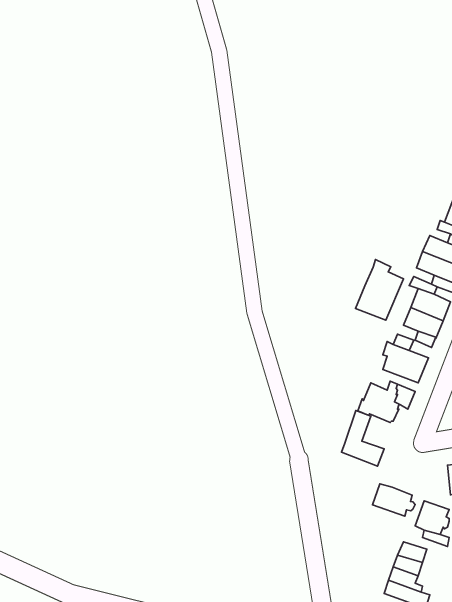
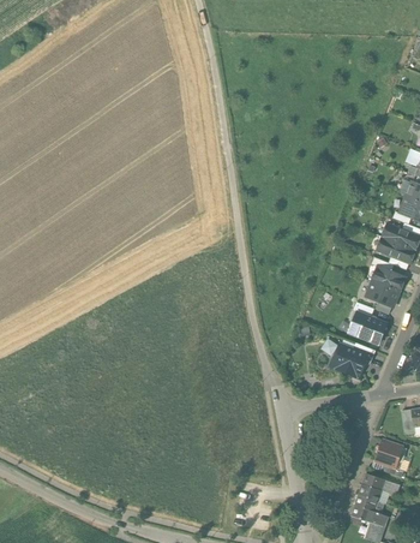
building: [356,260,404,320] -> none
building: [341,411,384,466] -> none
building: [373,484,415,516] -> none

